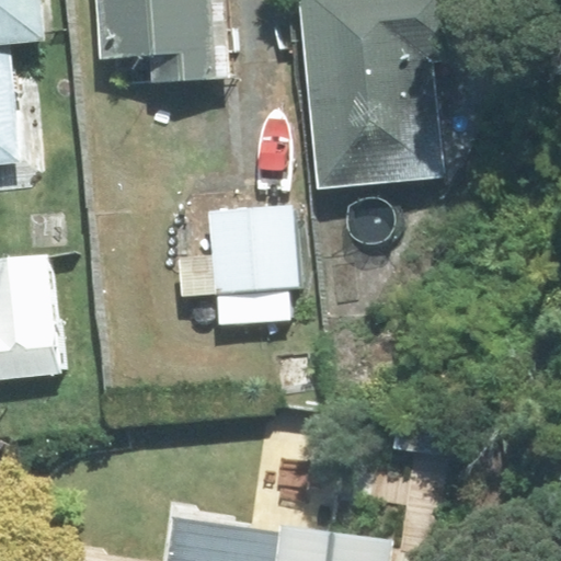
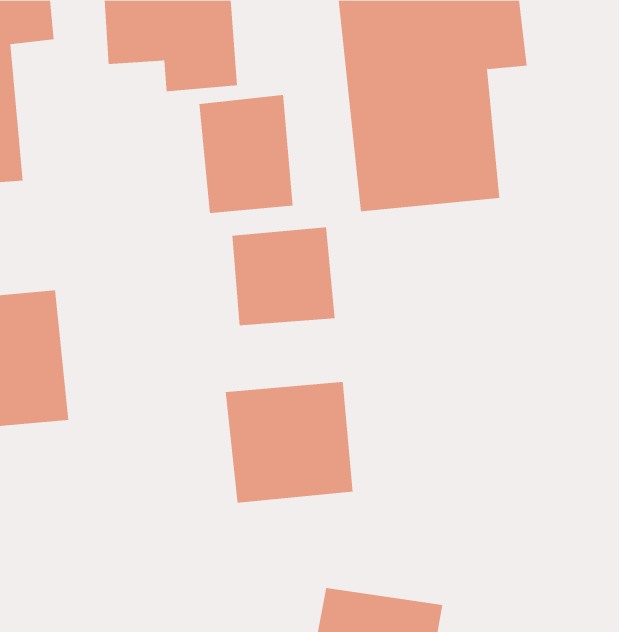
building: none -> [199,94,293,214]
building: none -> [225,381,353,504]

